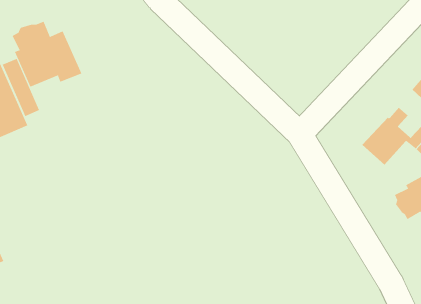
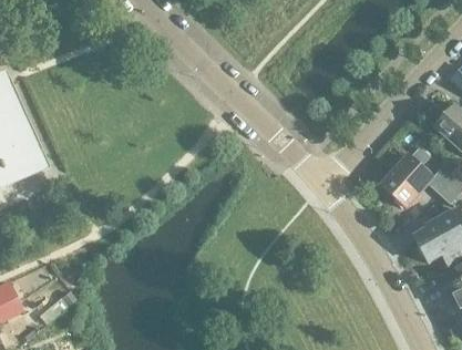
building: [12,21,82,88] -> none

